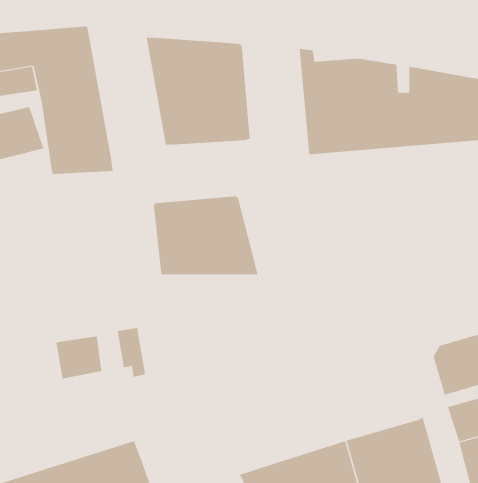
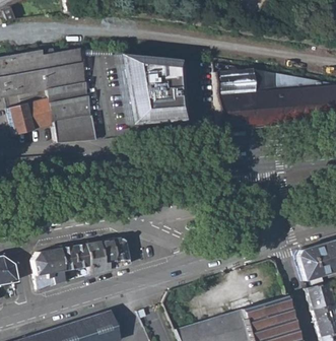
building: [153,196,258,275] -> none
building: none -> [112,237,131,268]
building: none -> [86,241,109,275]
building: none -> [33,248,66,289]

